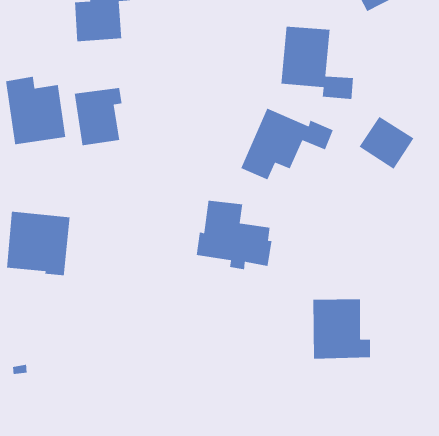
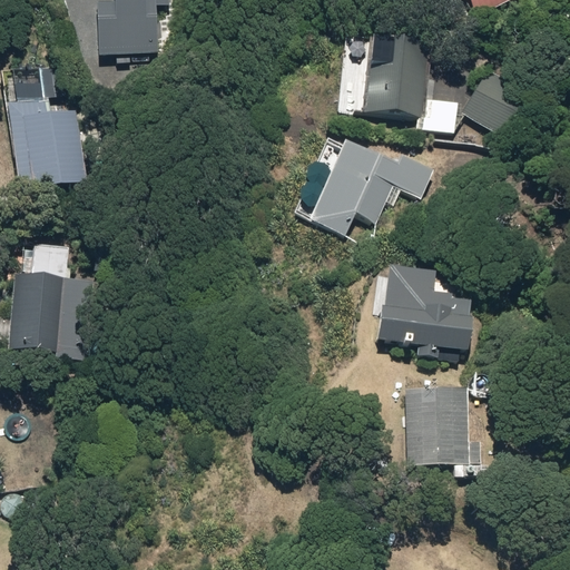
building: [74,87,123,146] -> none
building: [359,116,415,170] -> [461,69,533,139]
building: [196,200,272,270] -> [374,264,473,355]

